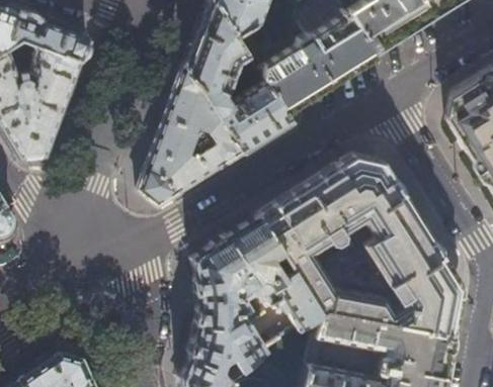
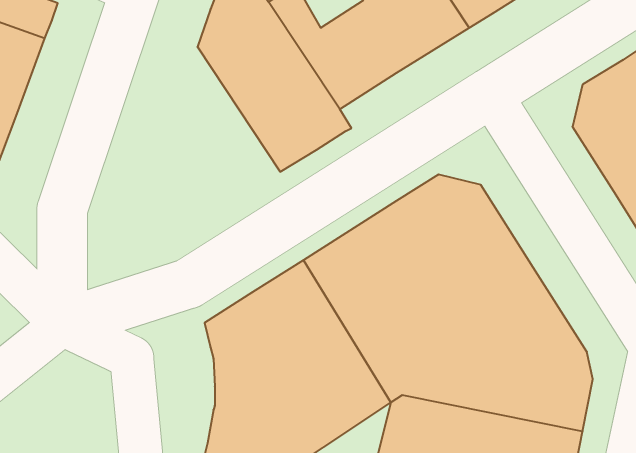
building: [140,67,244,207] -> none

